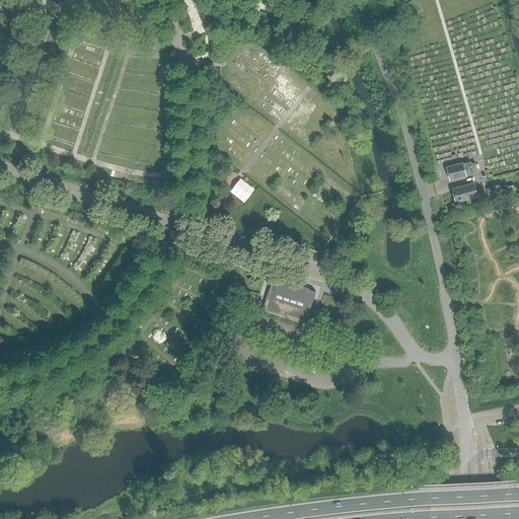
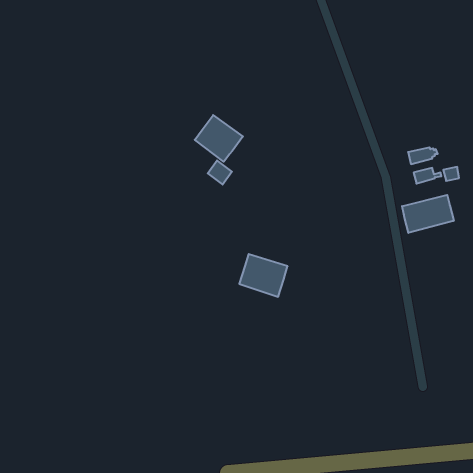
building: none -> [195,115,243,162]
building: none -> [402,195,454,233]

